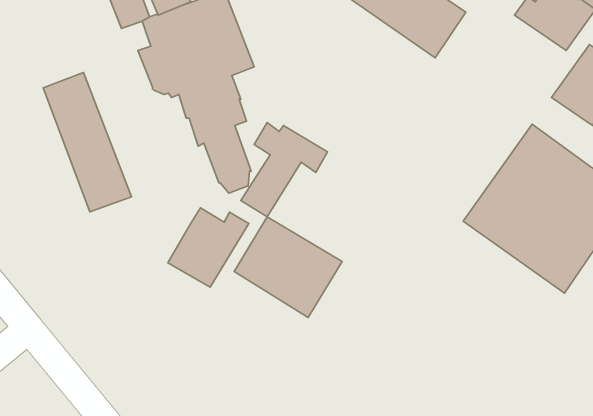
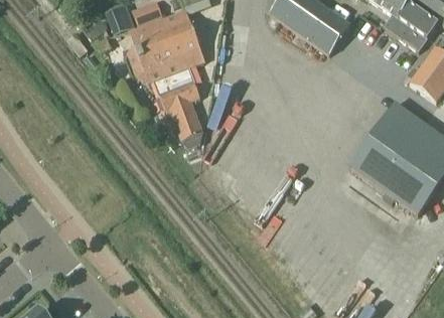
building: [43,72,131,212] -> none
building: [168,208,249,287] -> none
building: [234,217,342,317] -> none

